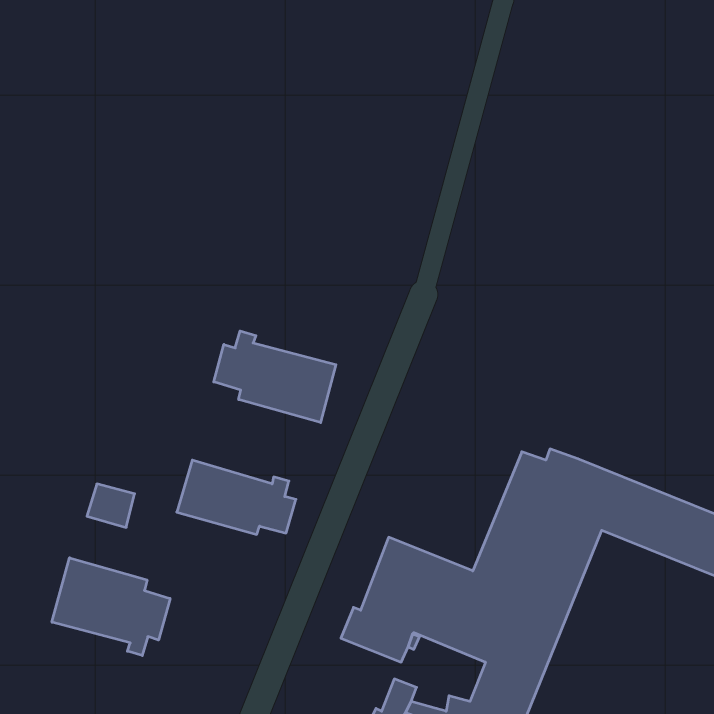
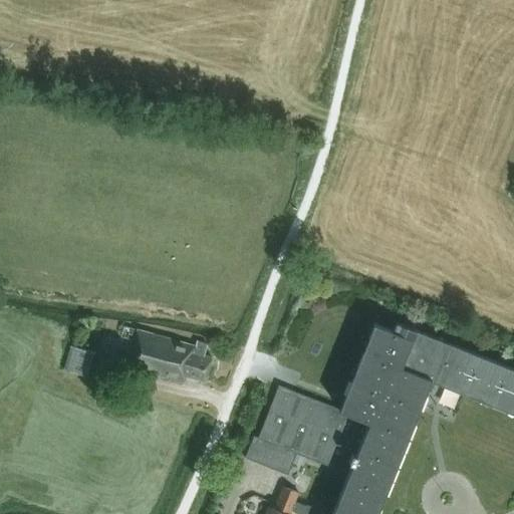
building: [214,331,336,423] -> none
building: [52,558,170,656] -> none

